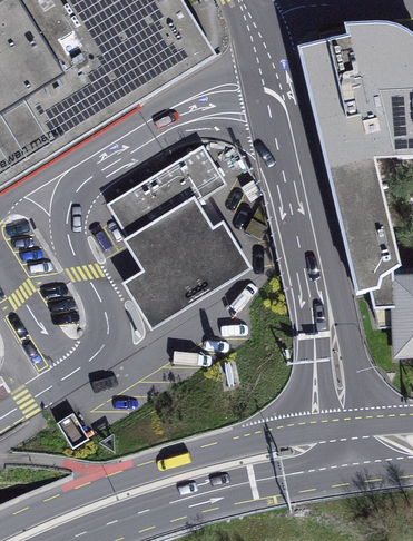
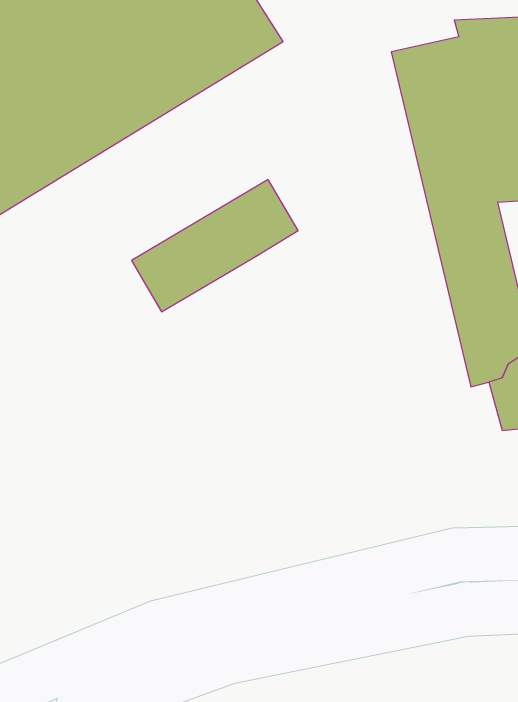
building: [124,199,252,327] -> none

